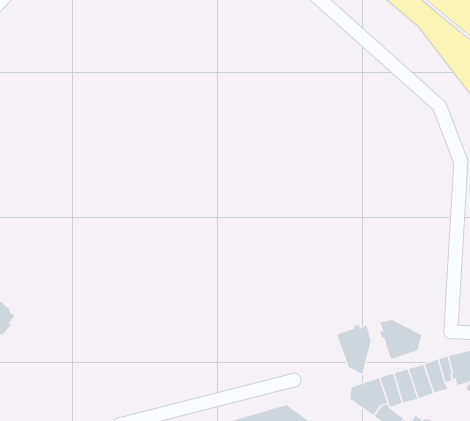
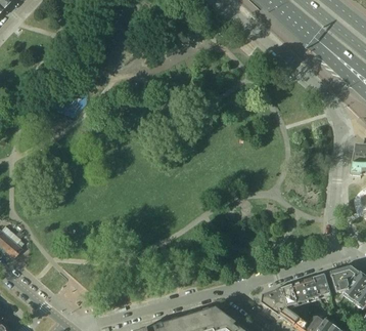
building: [379,319,422,360] -> none
building: [337,324,371,374] -> none

